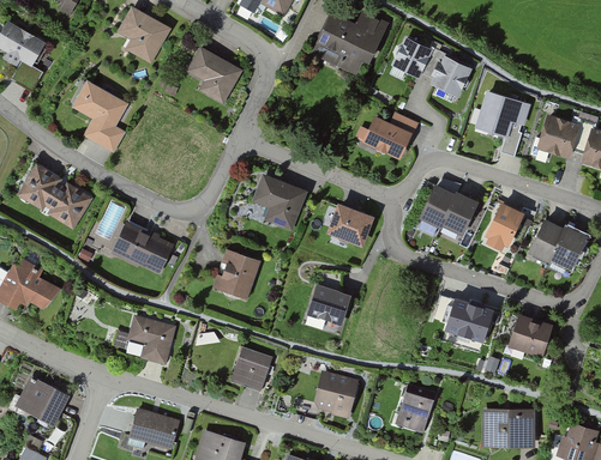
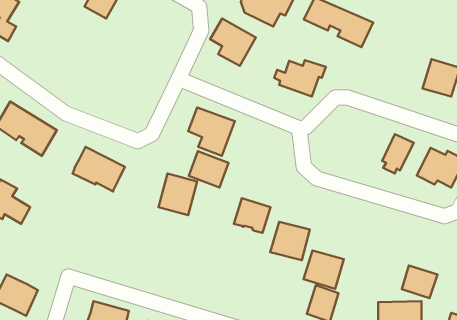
building: [187,48,242,105] -> [210,19,256,66]
building: [71,81,127,153] -> none
building: [475,91,530,157] -> none
building: [419,187,480,235] -> none
building: [326,200,374,244] -> [189,151,228,188]
building: [443,296,492,343] -> [303,250,344,289]
building: [128,317,175,363] -> none
building: [509,317,552,357] -> [402,266,438,298]
building: [229,347,271,393] -> none
building: [311,370,359,417] -> [270,222,310,260]

